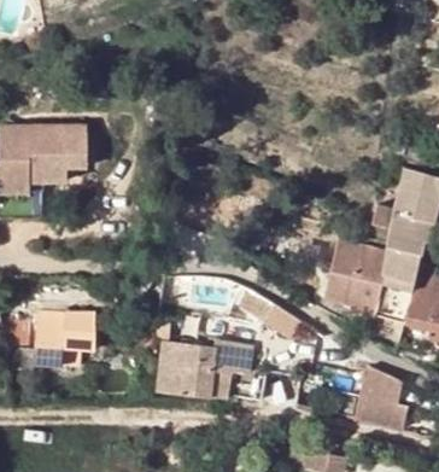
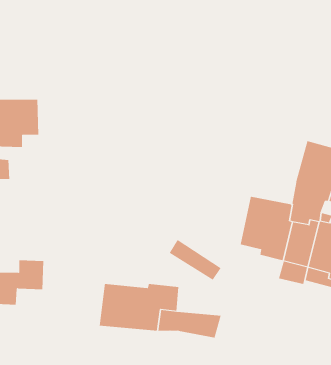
building: [352,366,405,427] -> none

